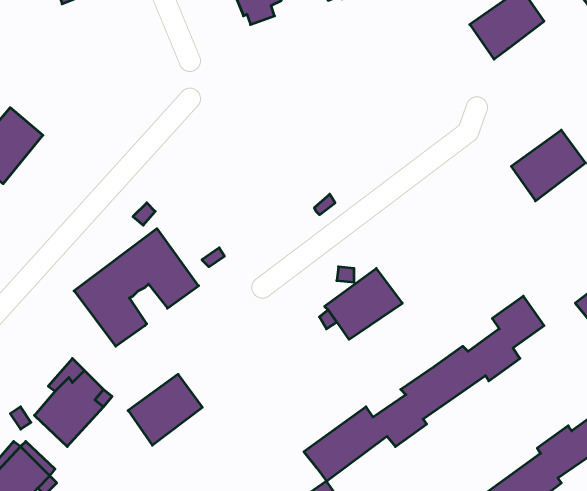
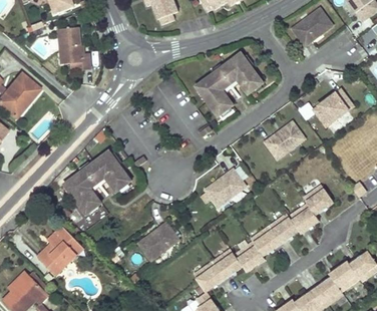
building: none -> [55,29,90,72]
building: none -> [192,49,263,116]
building: none -> [265,120,308,163]
building: [128,374,202,445] -> [138,223,181,264]

